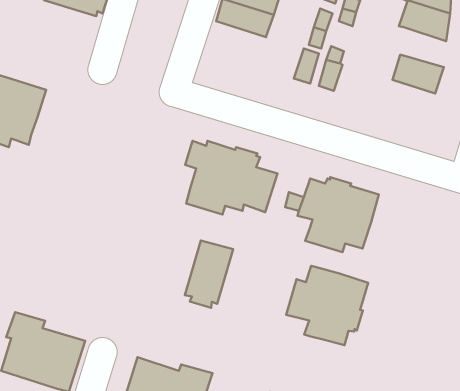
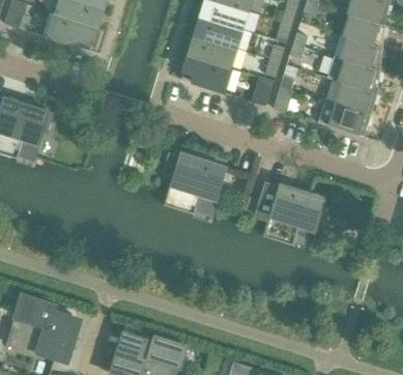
building: none -> [180,54,232,92]
building: none -> [338,59,379,92]
building: none -> [318,99,370,136]
building: [185,241,233,308] -> none
building: [286,266,368,345] -> none

